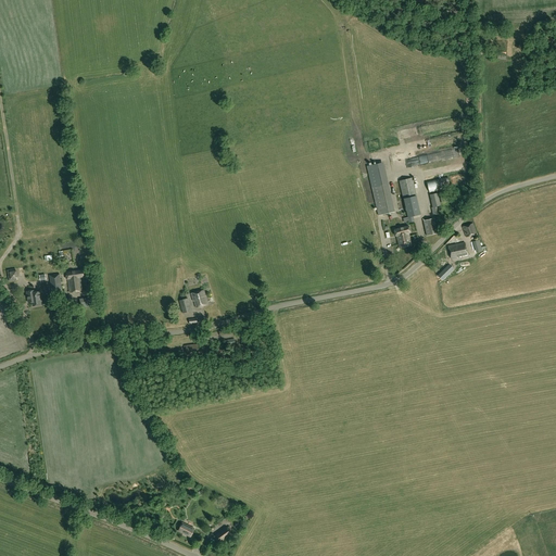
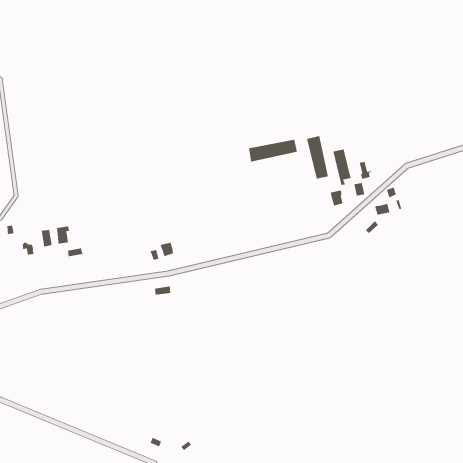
building: none -> [248,139,298,162]

